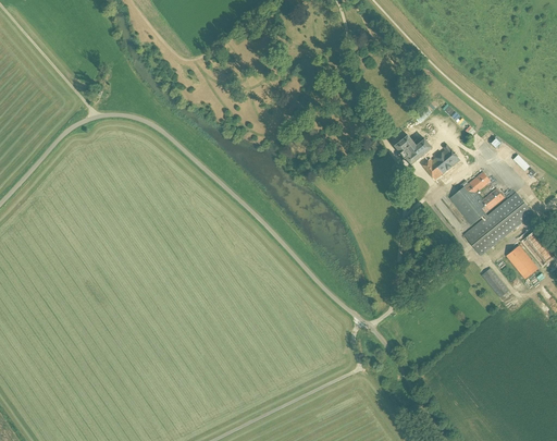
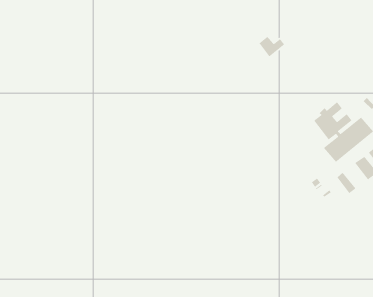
building: [396,136,432,166] -> [259,36,285,57]
building: [423,144,460,180] -> none

